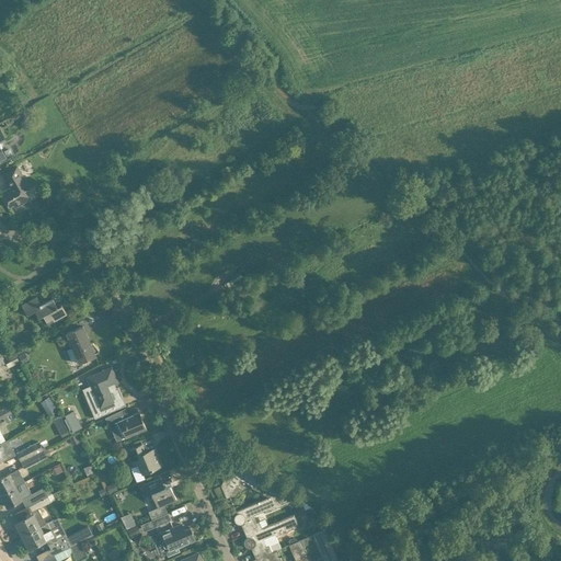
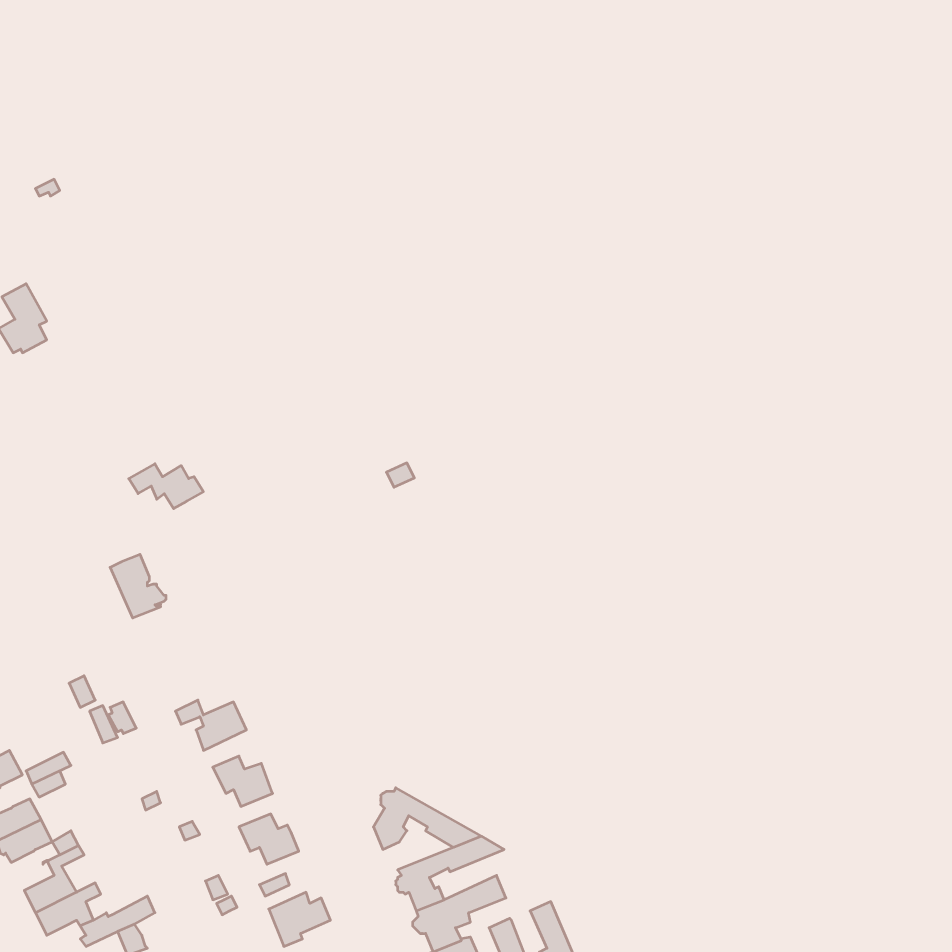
building: [21,298,65,324] -> [129,464,203,509]
building: [85,368,121,420] -> none

